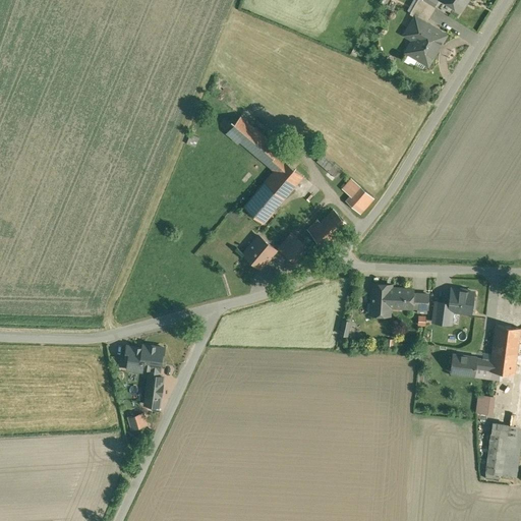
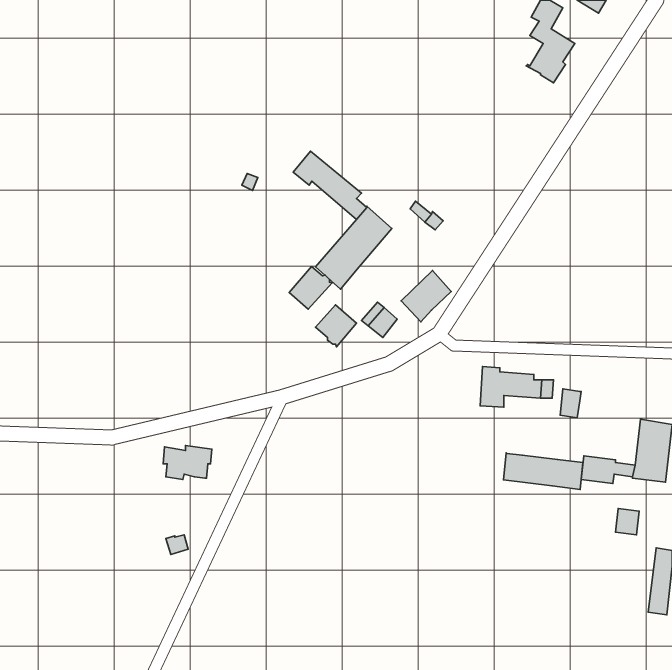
building: [343,179,373,215] -> none
building: none -> [289,267,332,309]
building: [449,289,475,313] -> none
building: none -> [504,453,583,490]
building: [144,370,163,407] -> none
building: [485,423,508,475] -> none

